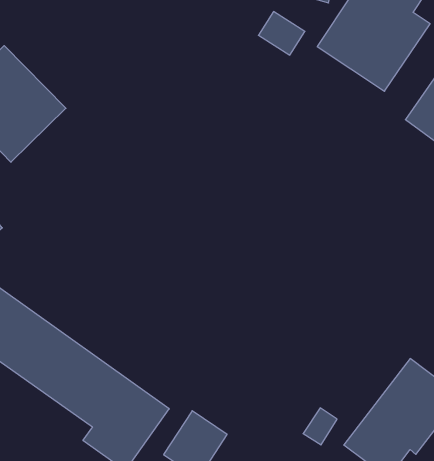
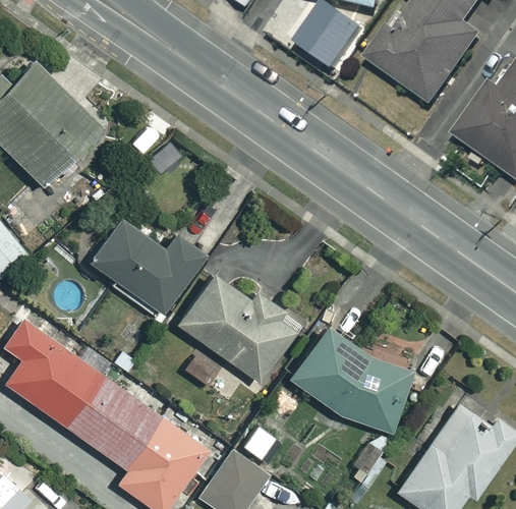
building: none -> [89,217,204,315]
building: none -> [176,272,294,382]
building: none -> [288,323,416,433]

